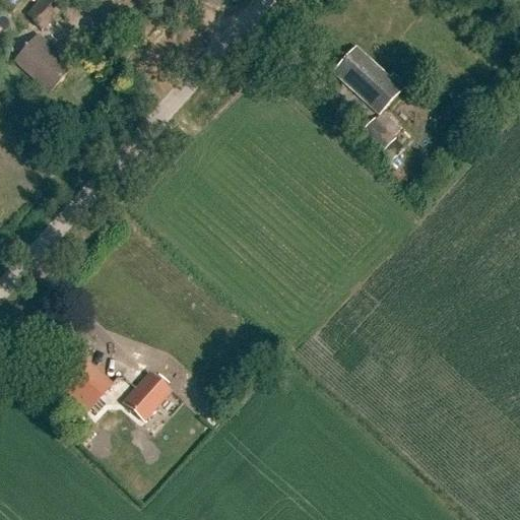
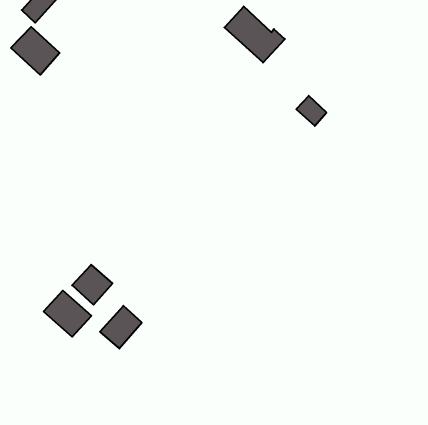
building: [333,45,406,113] -> [224,6,285,63]
building: none -> [72,265,112,305]

